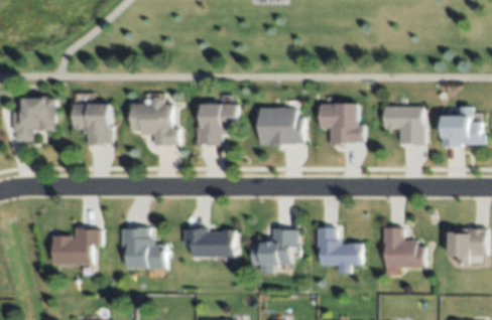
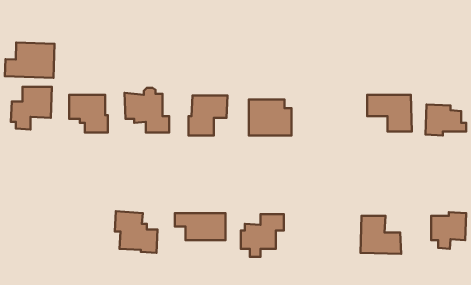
building: none -> [5,43,54,78]
building: [320,105,364,147] -> none
building: [313,228,357,269] -> none
building: [53,229,102,265] -> none

